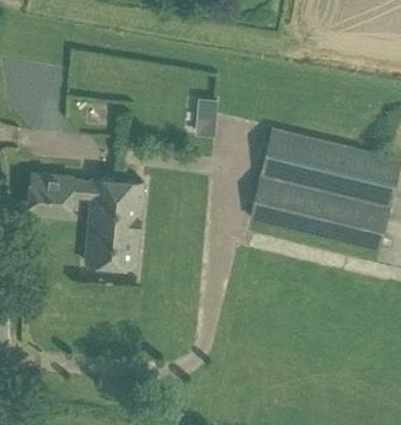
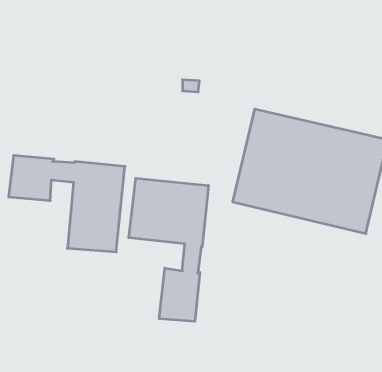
building: none -> [129,178,208,321]

